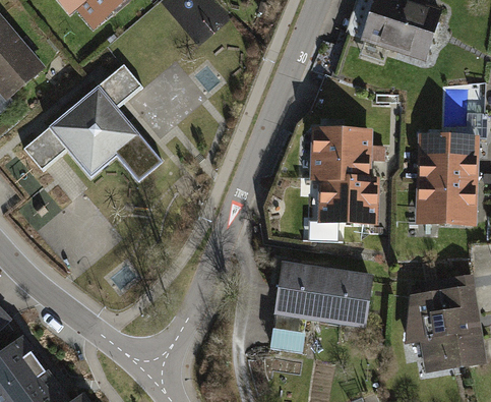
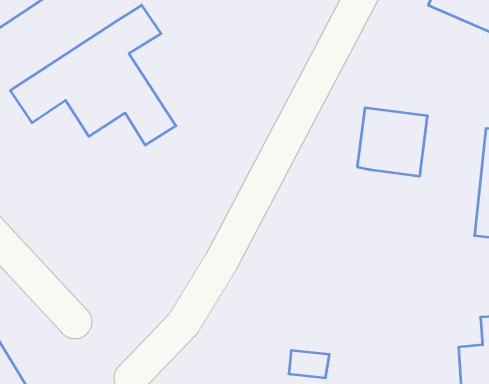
building: [309,177,374,238] -> none
building: [267,262,371,329] -> none

